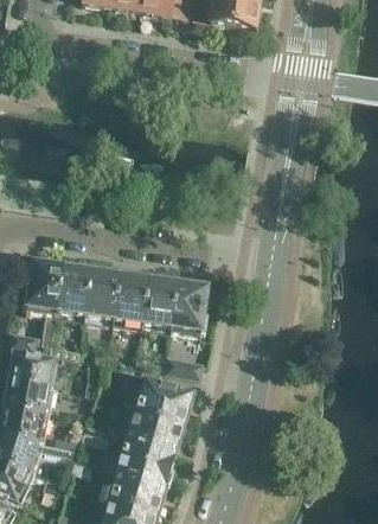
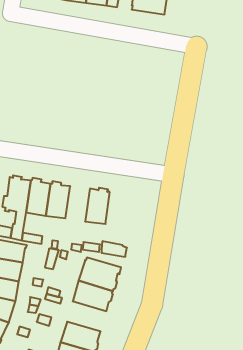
building: [113,275,148,330] -> none
building: [171,283,206,337] -> none
building: [115,442,174,487] -> none

